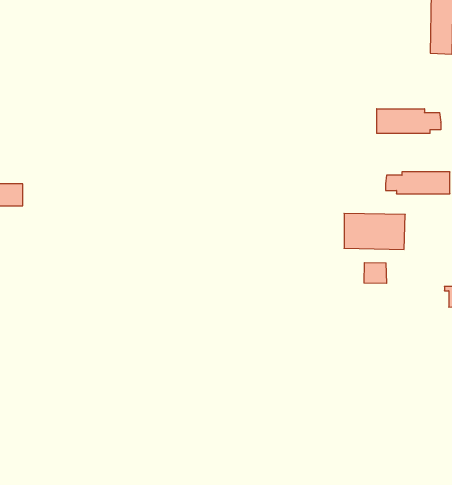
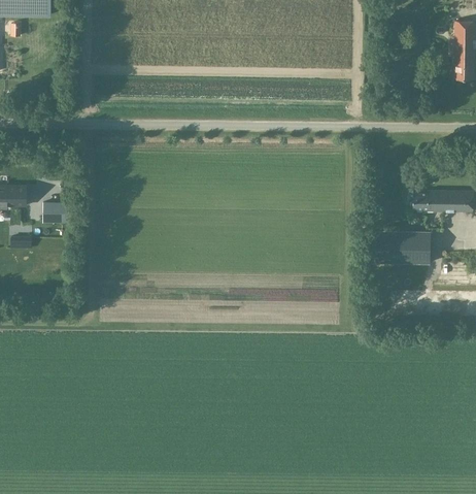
building: [377,109,441,133] -> none
building: [364,263,386,283] -> none

